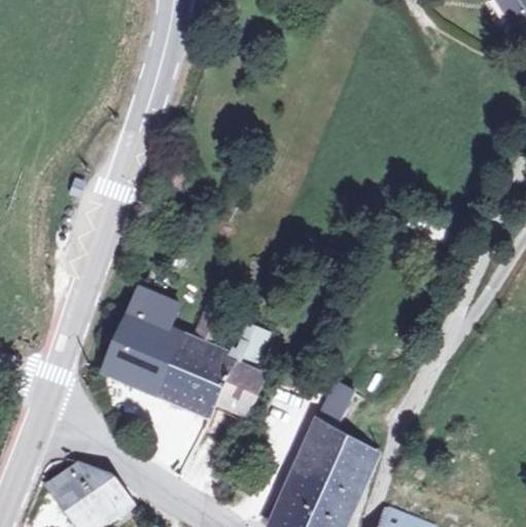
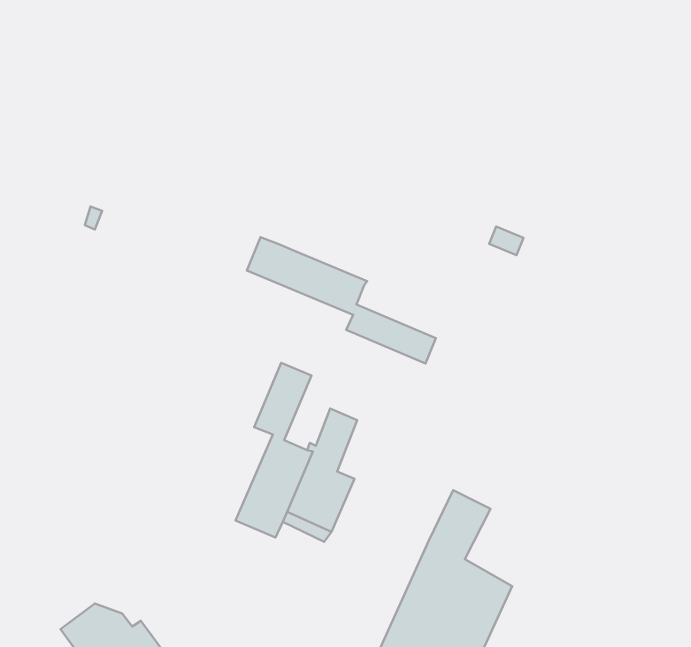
building: none -> [247,237,436,363]
building: [100,287,204,405] -> none

